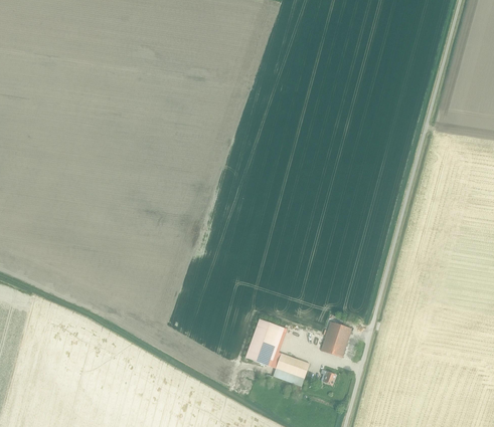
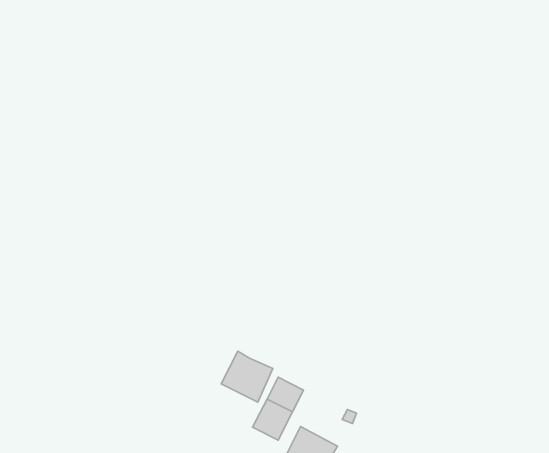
building: none -> [221,351,273,402]
building: [321,322,352,357] -> none

